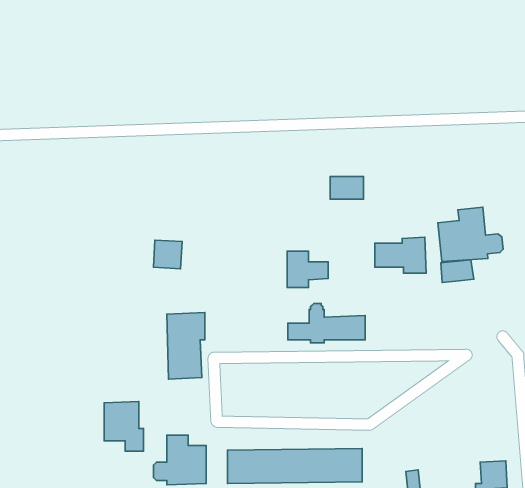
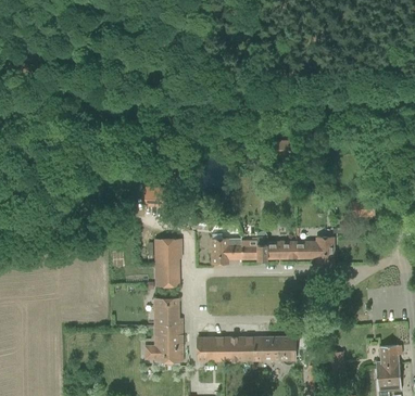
building: [438,207,503,262] -> none
building: [375,237,426,273] -> [297,237,334,263]
building: [287,251,328,287] -> [212,239,241,265]
building: [104,401,143,451] -> [154,298,183,334]

